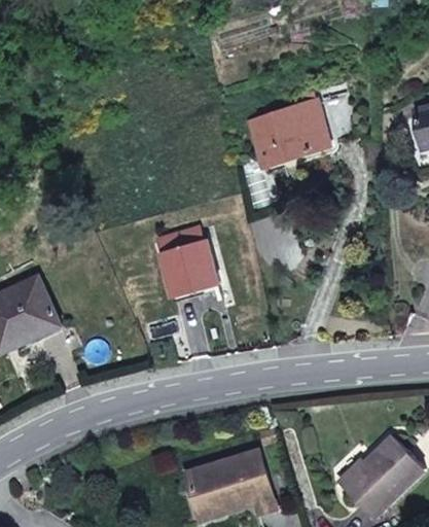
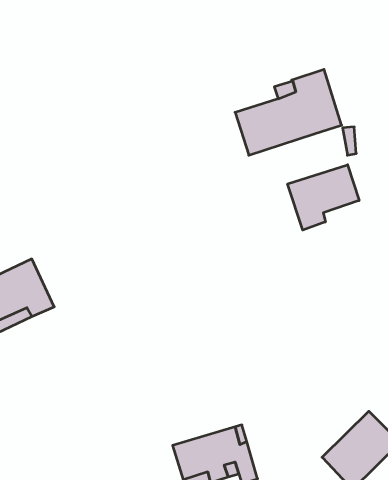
building: none -> [288,165,359,230]
building: [157,229,216,296] -> none

